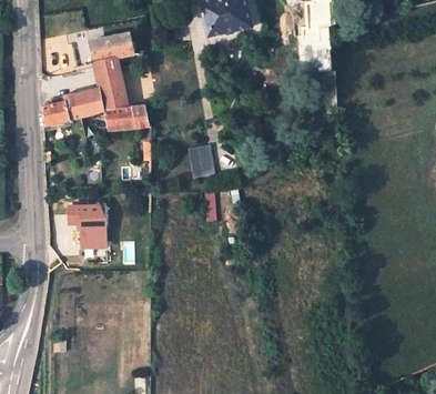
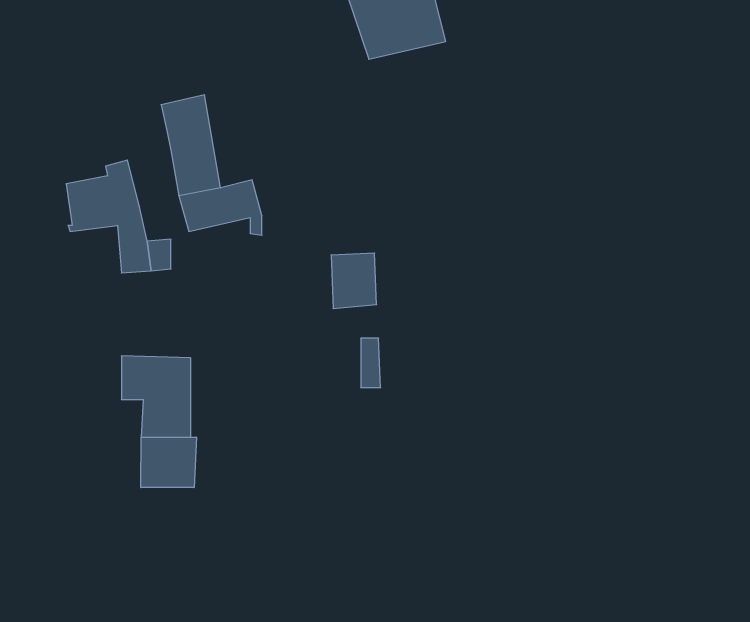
building: [89,32,135,62] -> none
building: [74,88,103,119] -> none
building: none -> [141,437,196,488]

